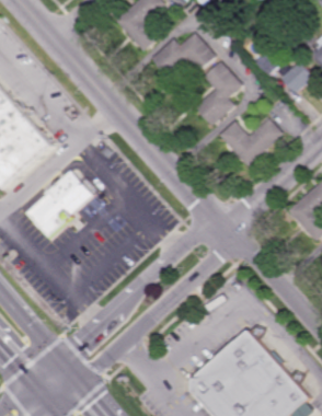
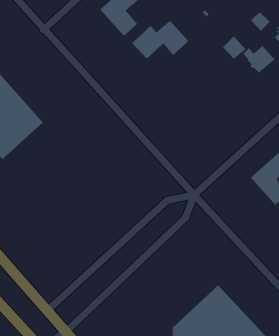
building: [194,60,241,125] -> none
building: [218,116,281,165] -> none
building: [21,171,93,242] -> none

